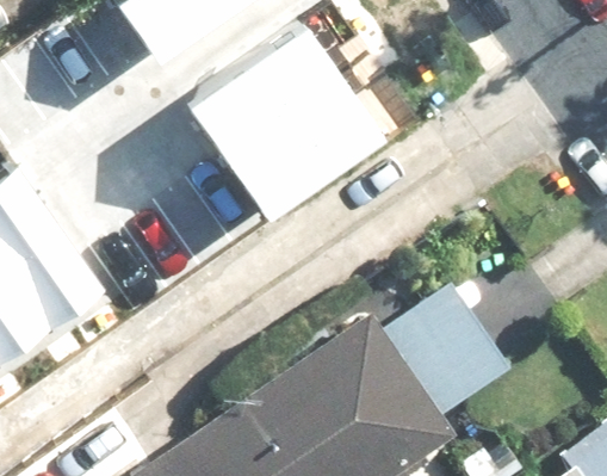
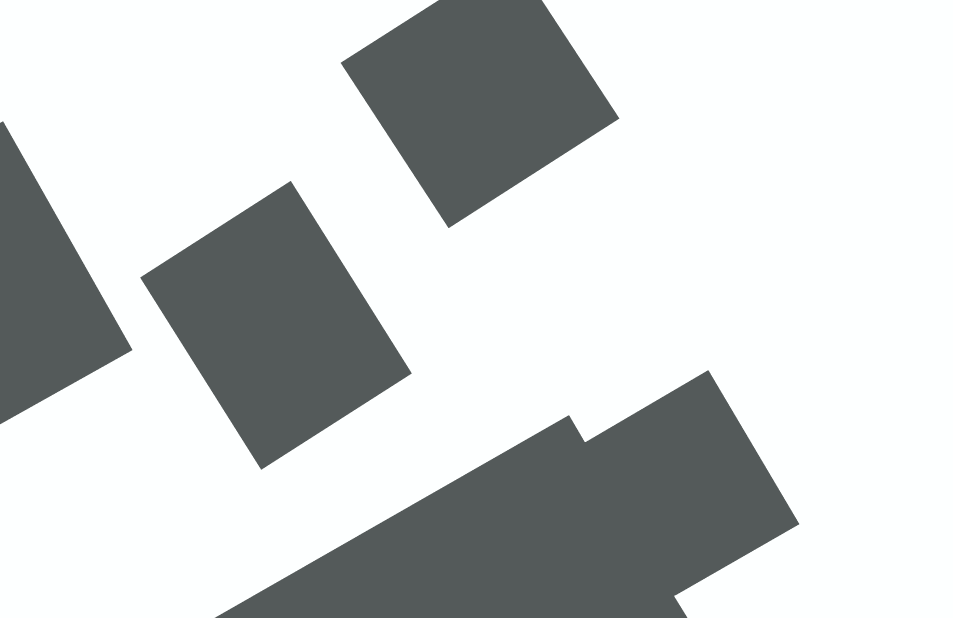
building: none -> [139,180,413,471]

